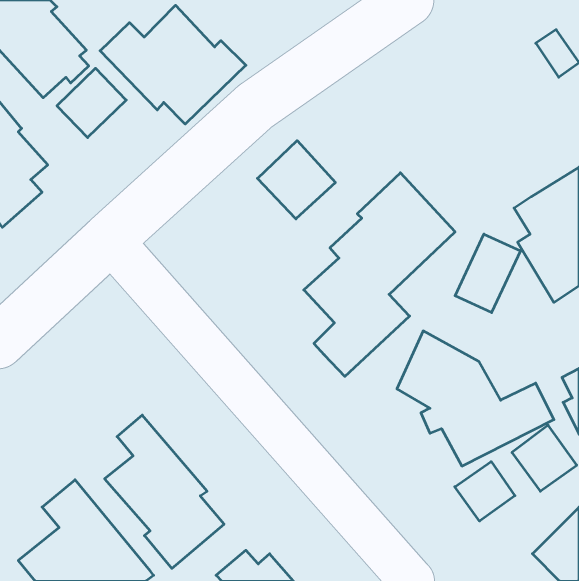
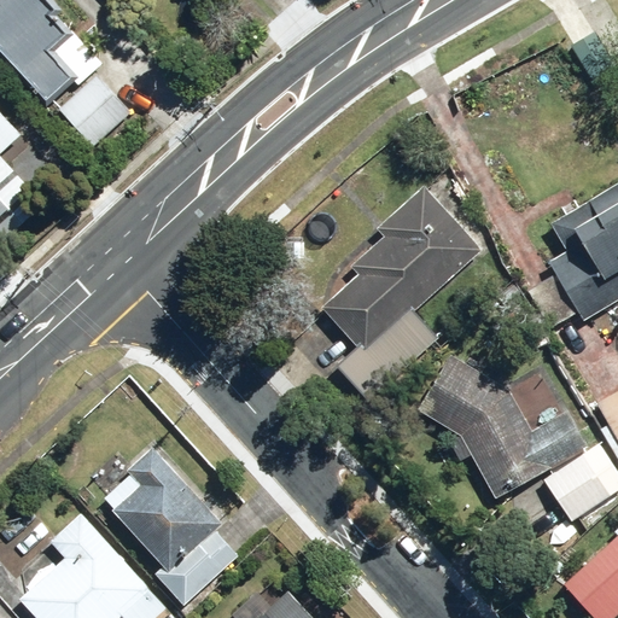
building: [100,5,246,124] -> none
building: [257,141,335,219] -> none
building: [455,234,520,313] -> none
building: [455,462,515,521] -> none

